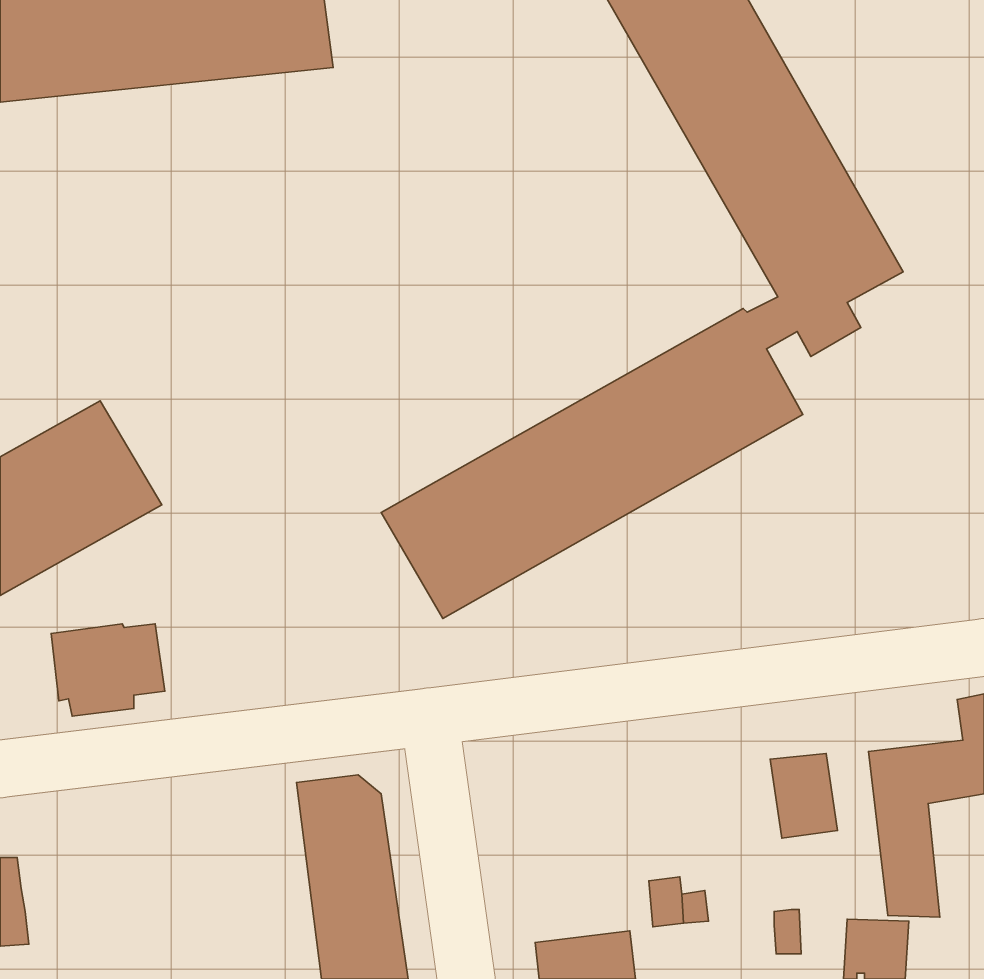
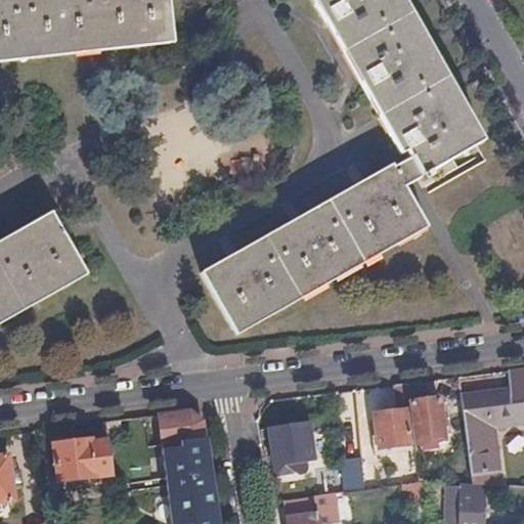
building: [51,624,165,716] -> [53,440,114,489]
building: none -> [375,384,410,455]
building: none -> [268,424,315,469]

